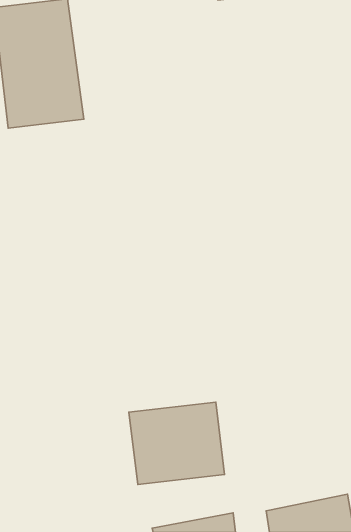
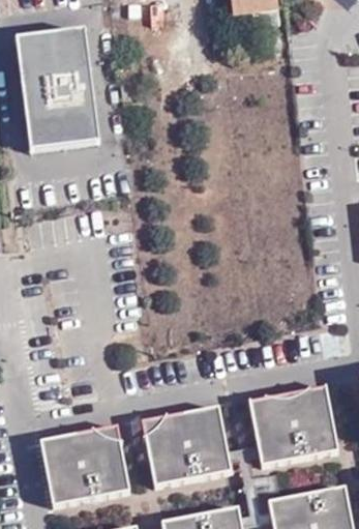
building: none -> [249,385,337,461]
building: none -> [38,428,125,504]

